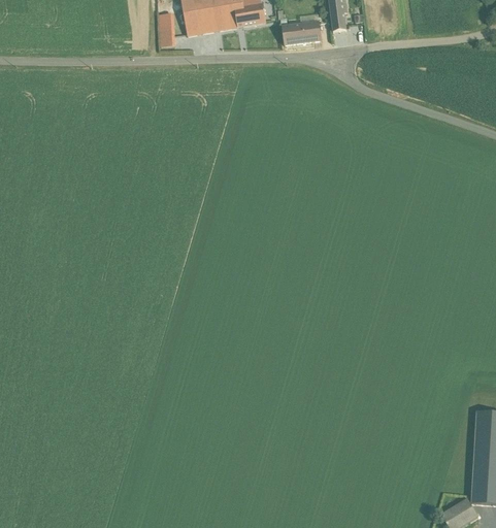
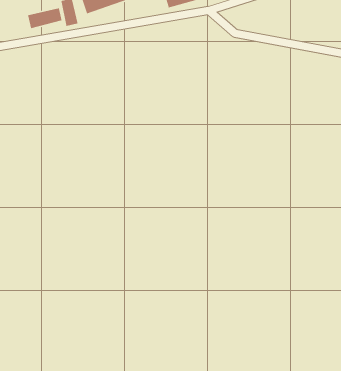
building: none -> [27,7,62,29]

